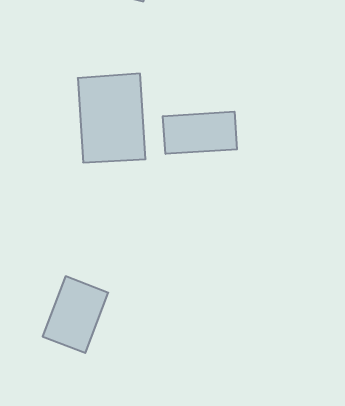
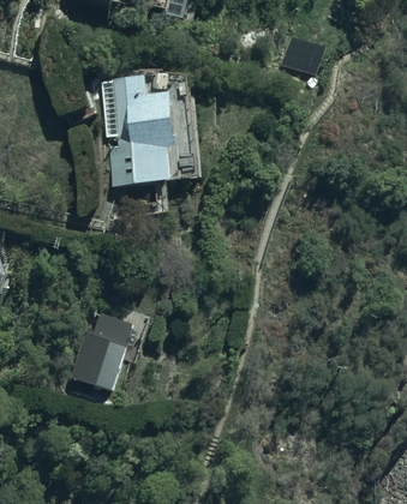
building: [163,112,237,154] -> none

